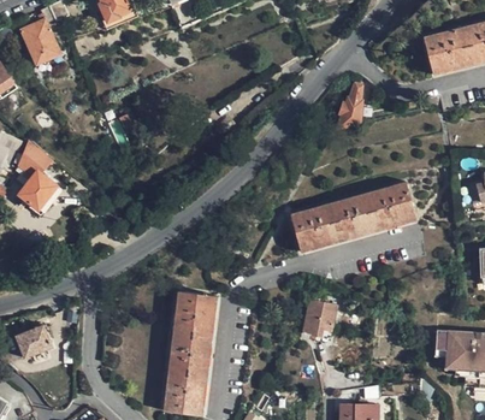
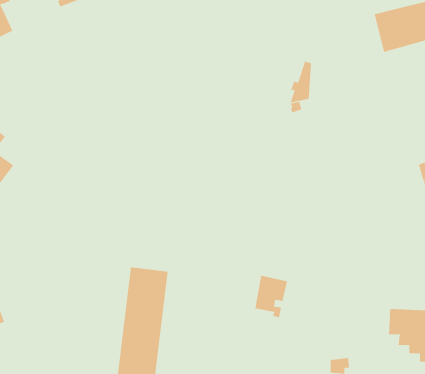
building: [290,181,416,253] -> none

